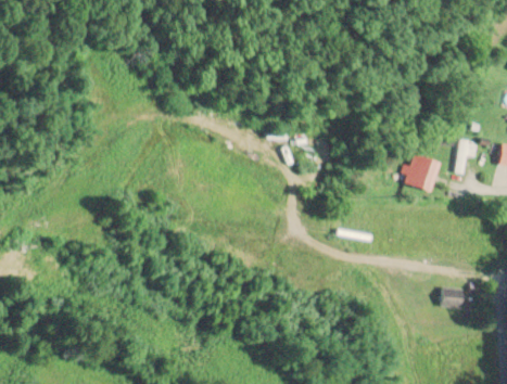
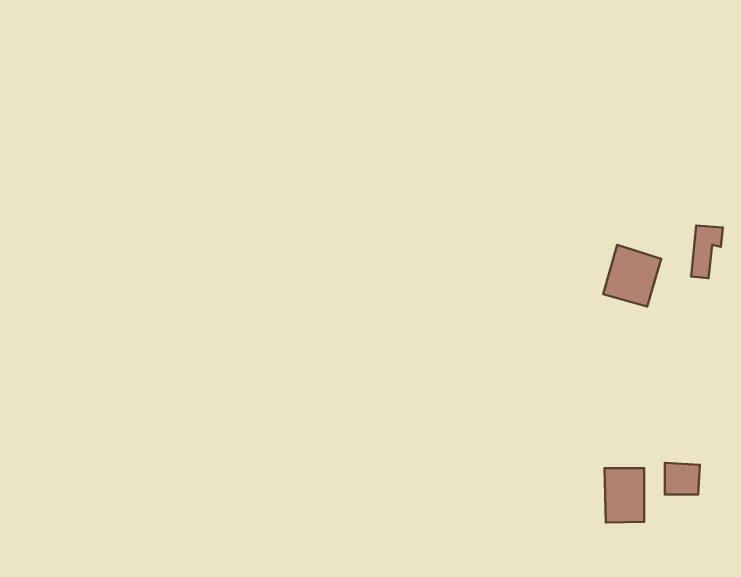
building: none -> [605,468,644,523]

